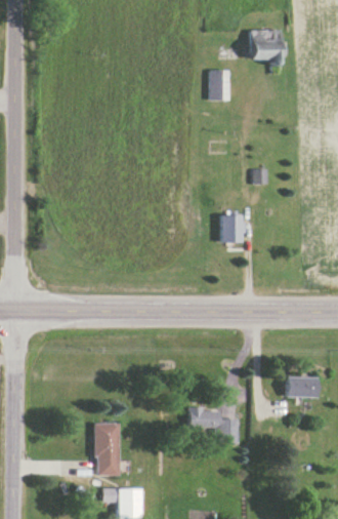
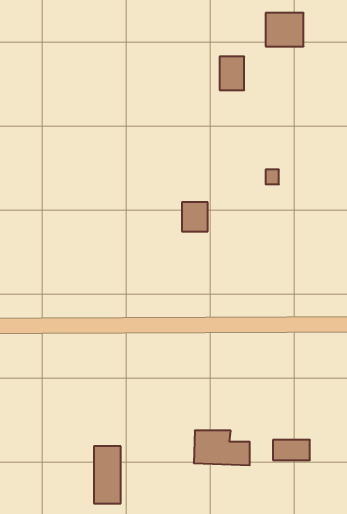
building: [219,216,243,243] -> [182,202,208,231]
building: [284,378,318,397] -> [273,440,310,460]

